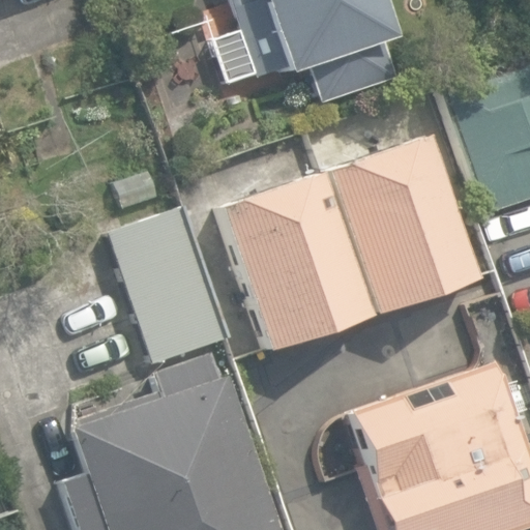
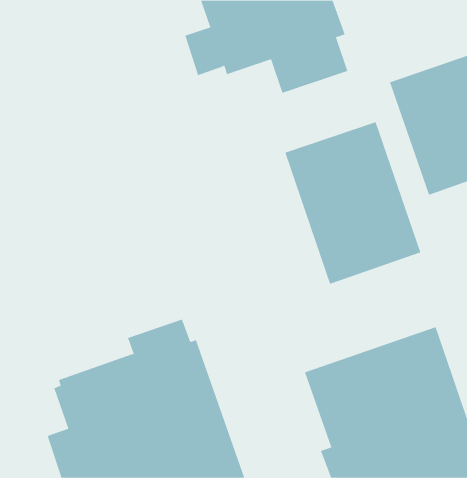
building: [218,176,373,352] -> none
building: [110,207,230,364] -> none

